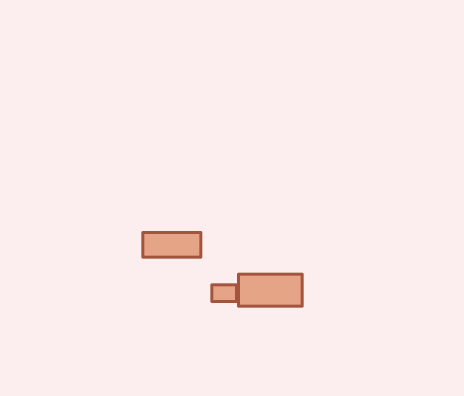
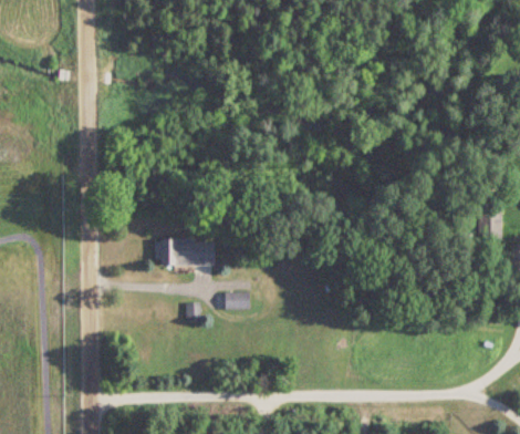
building: [238,274,302,306] -> none

